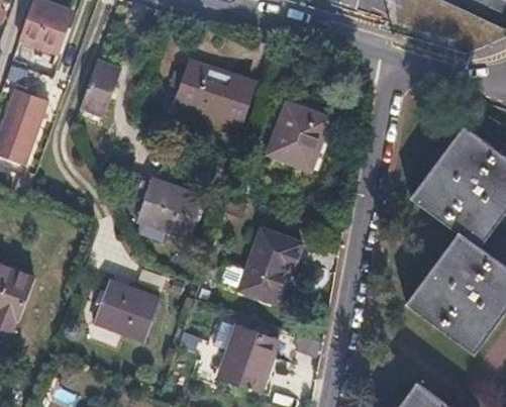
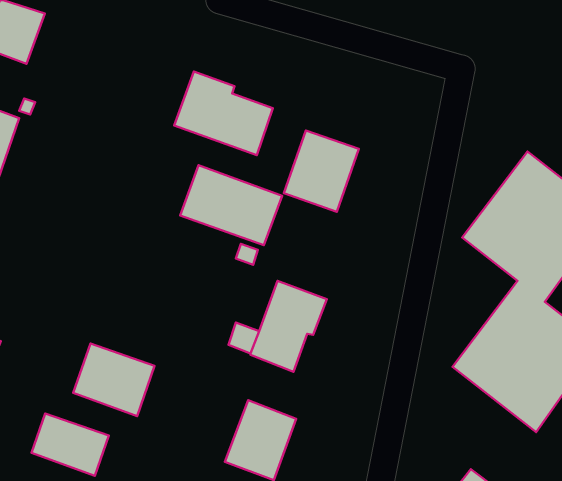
building: [81,54,123,111] -> none
building: [119,174,203,239] -> [180,165,282,245]
building: none -> [32,414,109,476]

